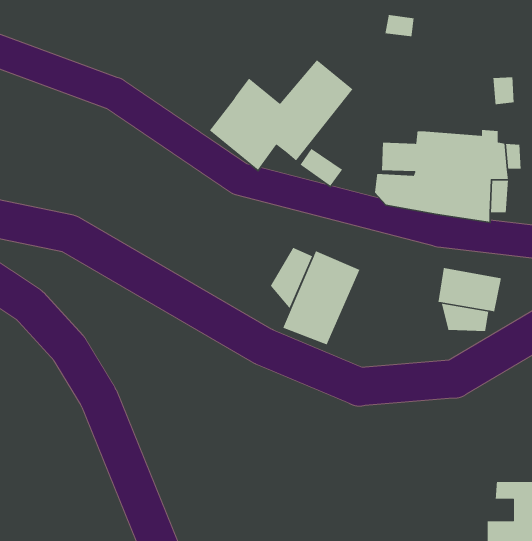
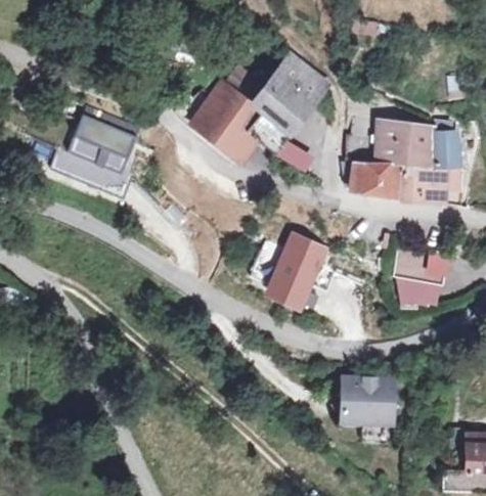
building: none -> [51,102,143,196]
building: [270,247,313,309] -> none
building: none -> [341,376,393,421]

